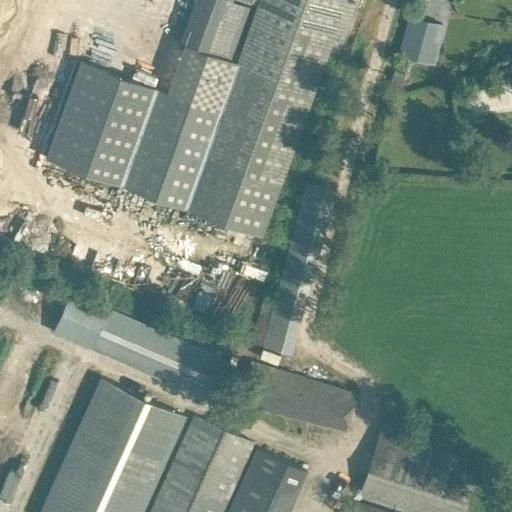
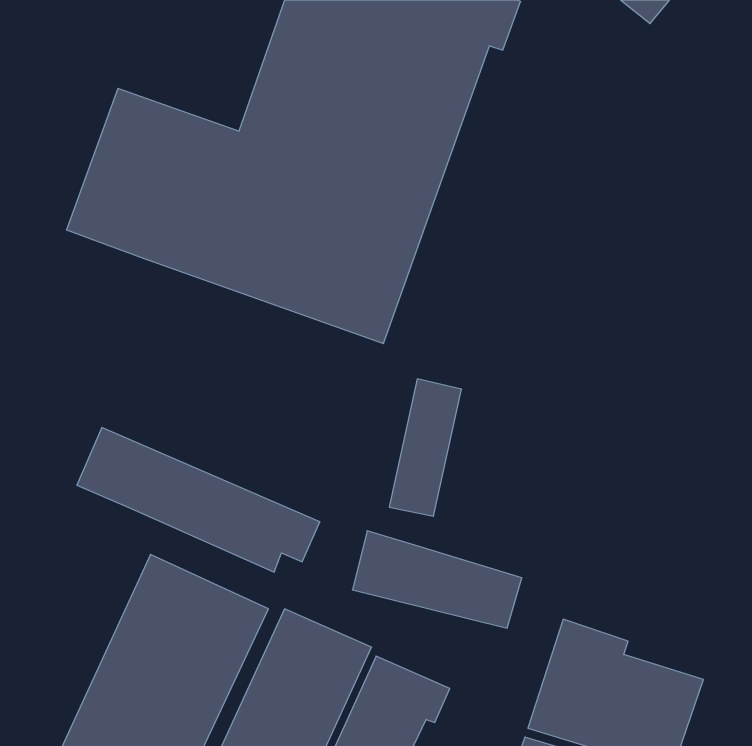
building: [400,18,440,67] -> none

